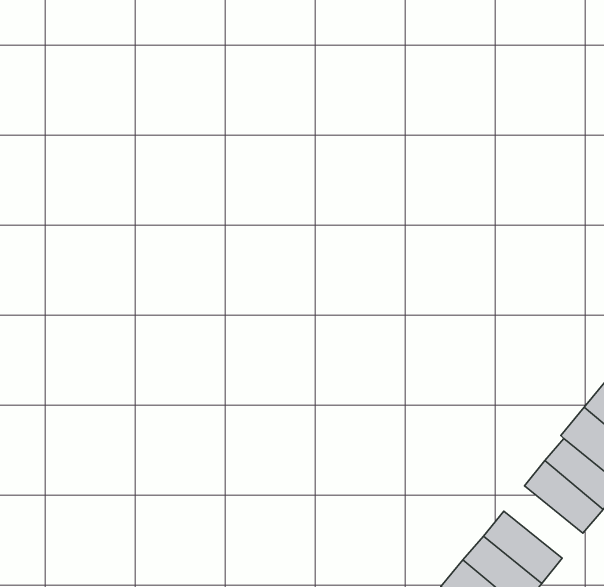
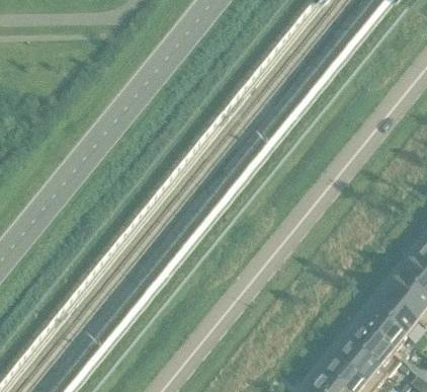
building: none -> [345,321,396,368]

